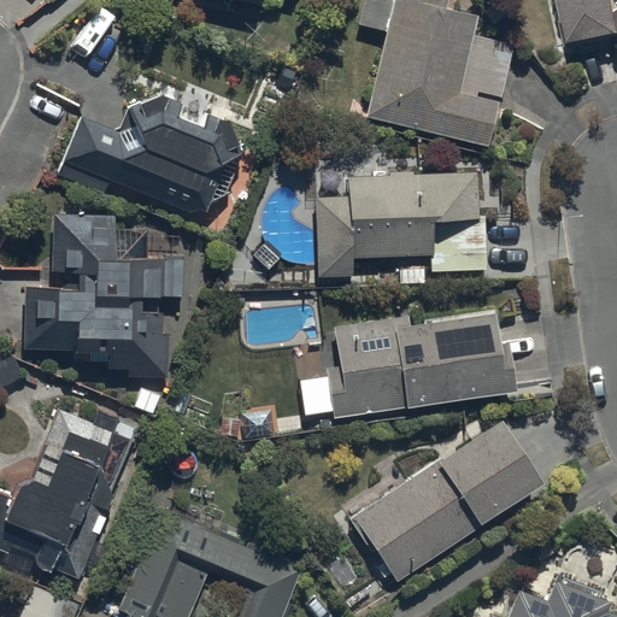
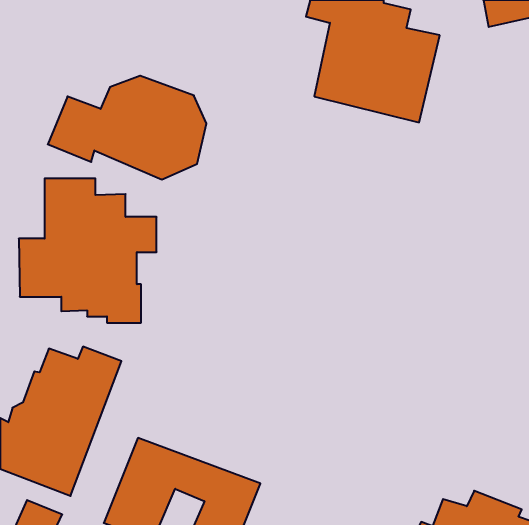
building: [313,172,487,281] -> none
building: [324,310,515,419] -> none
building: [355,418,540,583] -> none

